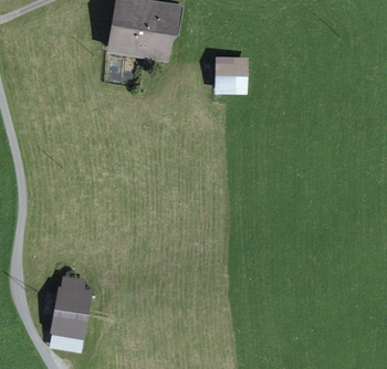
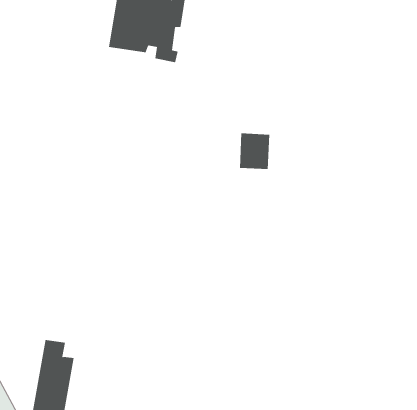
building: [218,59,242,87] -> [239,133,270,170]

